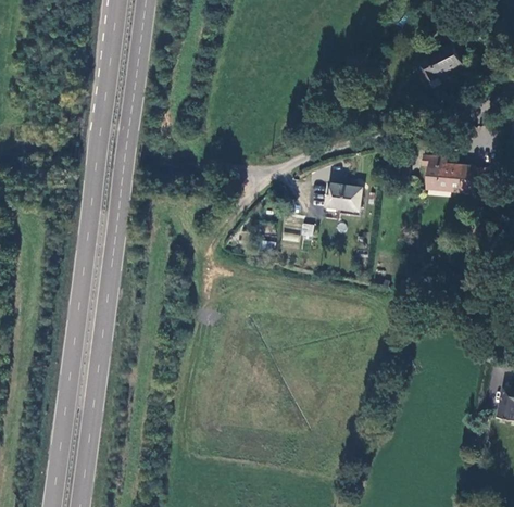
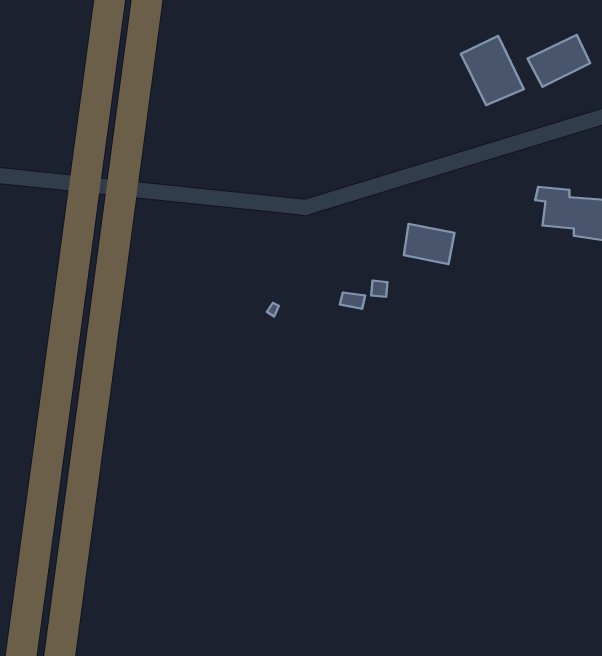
building: none -> [461,36,524,105]

